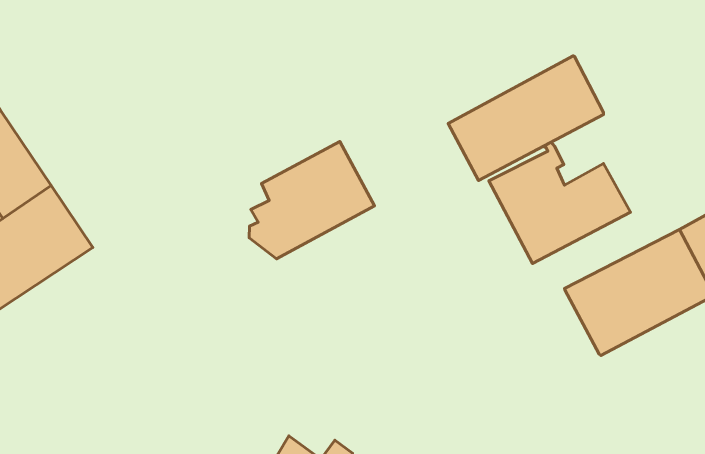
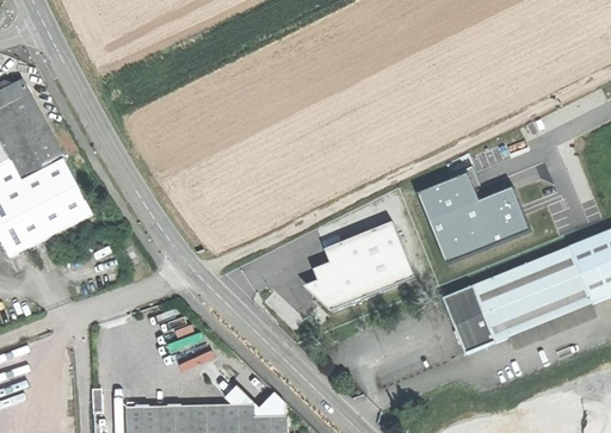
building: [448,56,603,180] -> none
building: [249,142,374,259] -> [310,221,414,310]
building: none -> [444,286,493,352]

